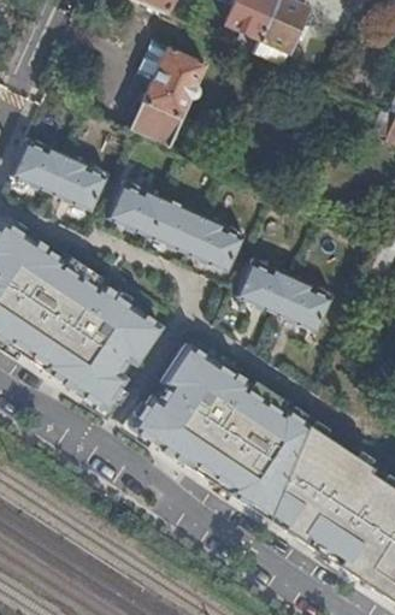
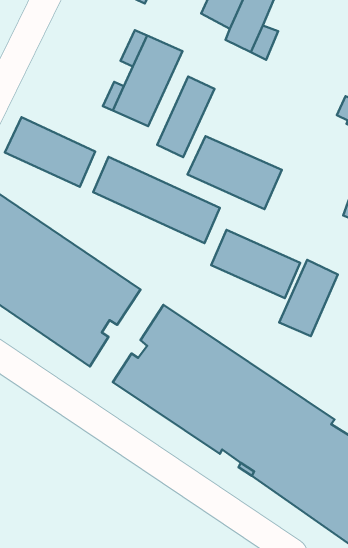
building: none -> [157,76,215,157]
building: none -> [188,136,282,209]
building: none -> [279,260,338,336]

